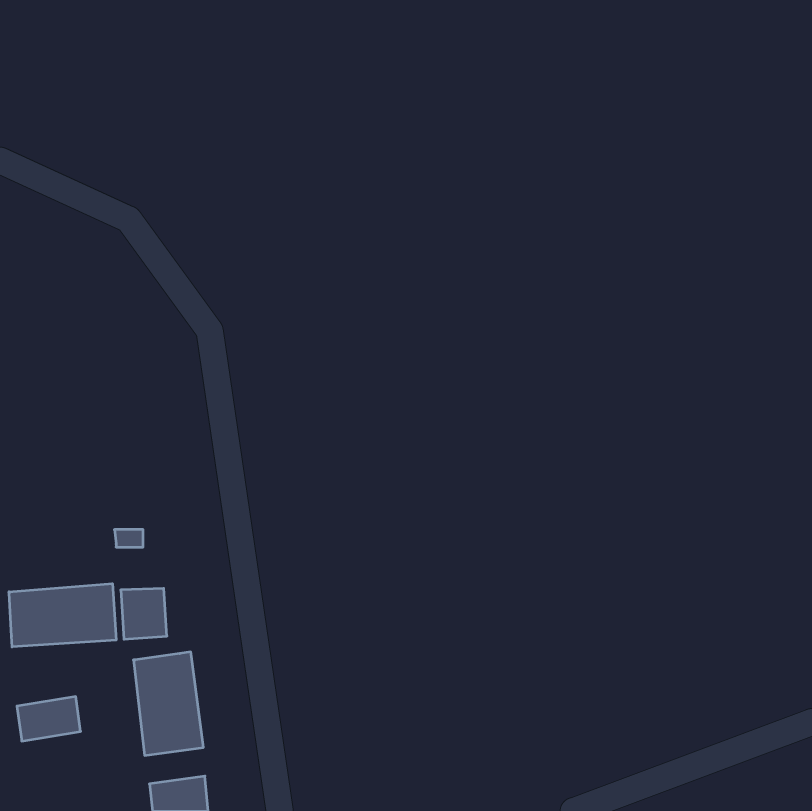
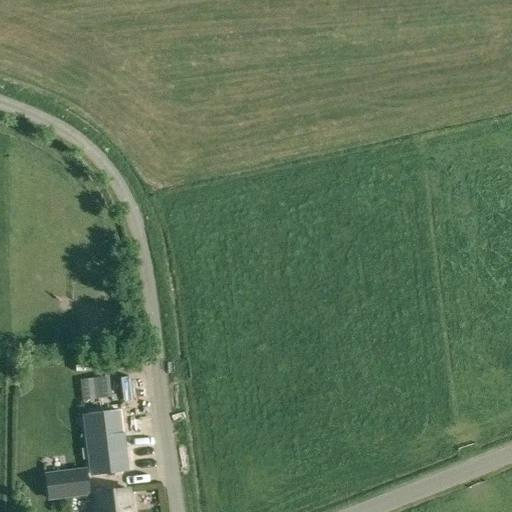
building: [9,584,116,647] -> none
building: [17,697,81,741] -> [47,469,87,497]

